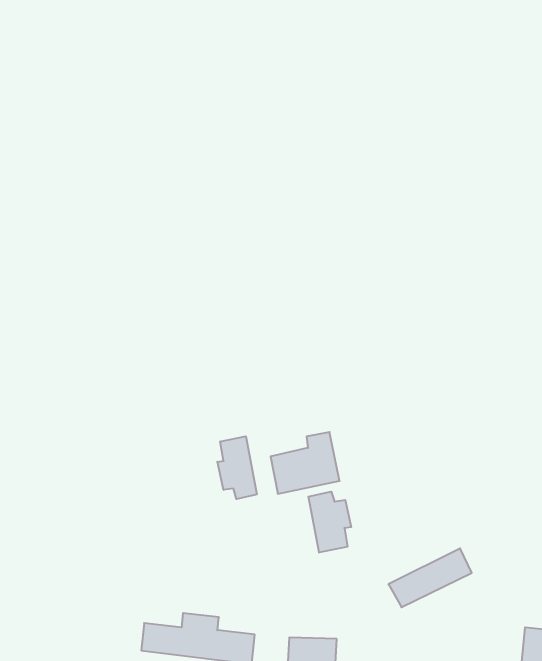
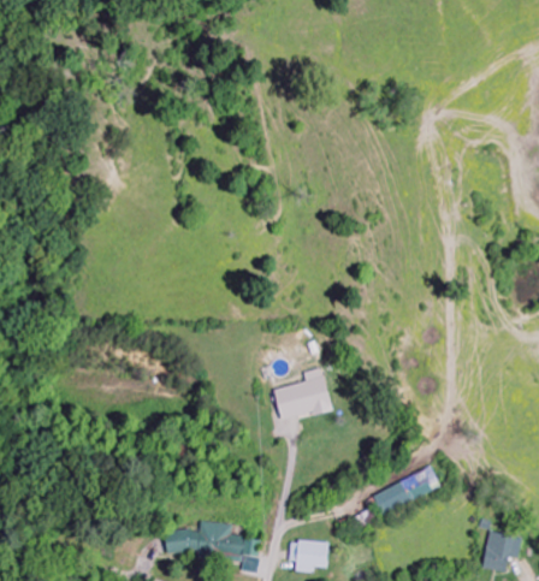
building: [217,436,257,499] -> none
building: [308,492,351,553] -> none

